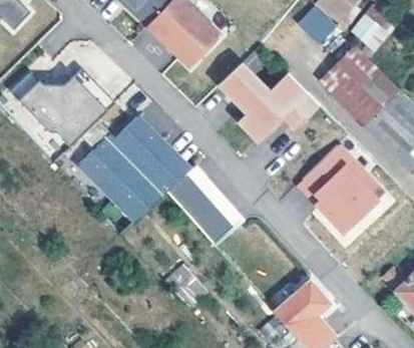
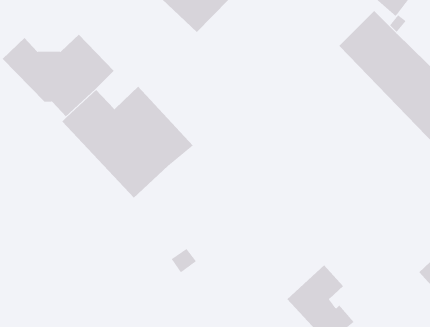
building: [223,64,319,138] -> none
building: [305,145,385,233] -> none
building: [165,171,237,246] -> none

